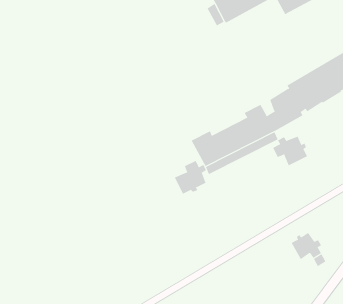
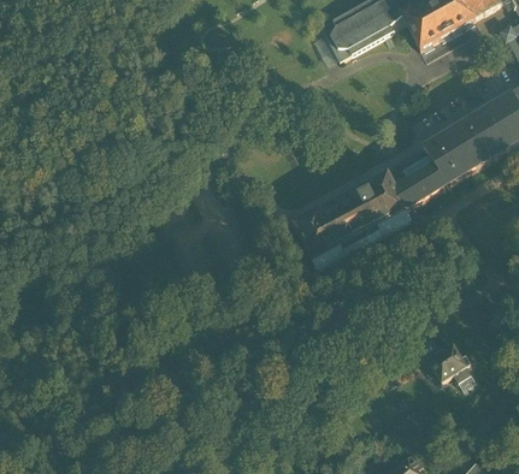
building: [272,136,308,166] -> none
building: [174,160,207,195] -> none

